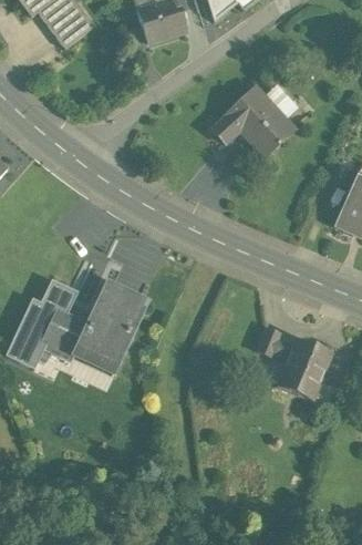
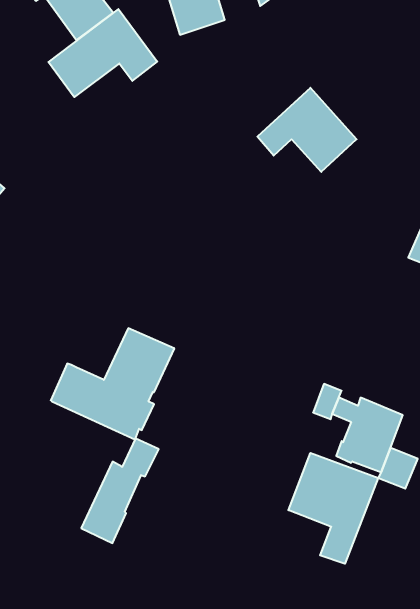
building: none -> [48,9,157,97]
building: [9,280,72,366] -> [81,438,159,543]
building: none -> [288,453,378,564]

